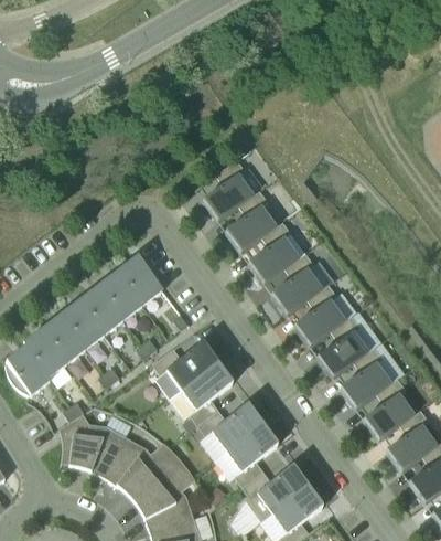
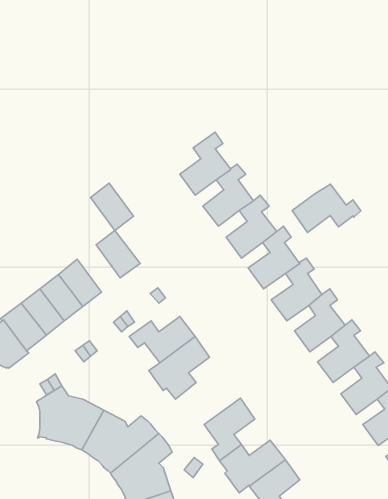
building: none -> [292,184,361,232]
building: [100,270,143,318] -> [91,183,133,230]
building: [198,404,263,450] -> none

